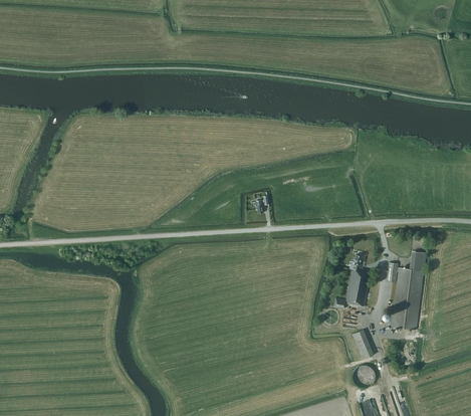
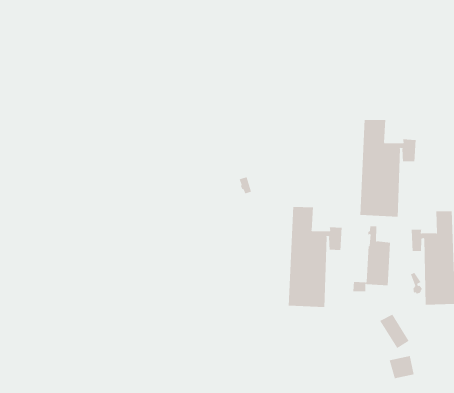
building: none -> [360,119,416,217]
building: none -> [288,206,342,308]

